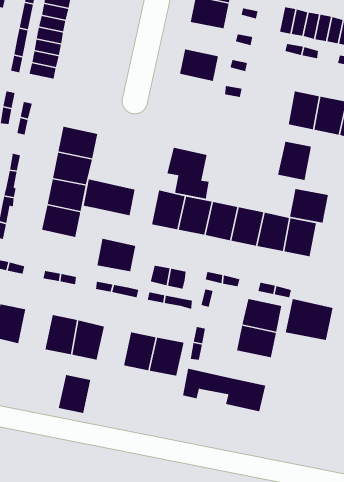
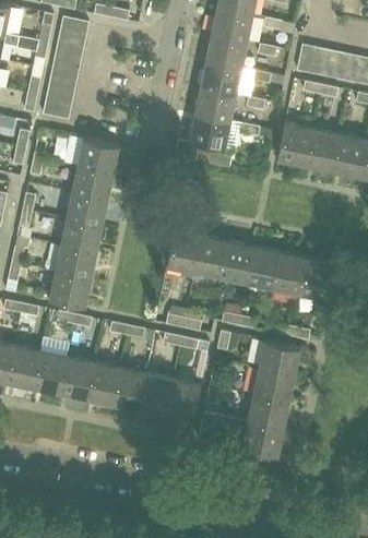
building: none -> [201,61,241,95]
building: [277,141,312,181] -> [277,124,312,165]
building: [167,147,210,200] -> [189,113,233,167]
building: [83,178,136,216] -> [66,135,119,174]
building: [289,188,329,224] -> none
building: [96,238,136,272] -> [50,272,91,307]
building: [285,298,333,341] -> none
building: none -> [33,351,67,393]
building: none -> [248,394,289,429]
building: [58,374,91,414] -> [112,369,146,409]

